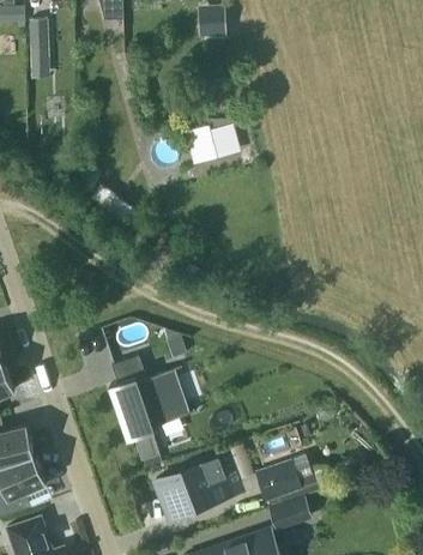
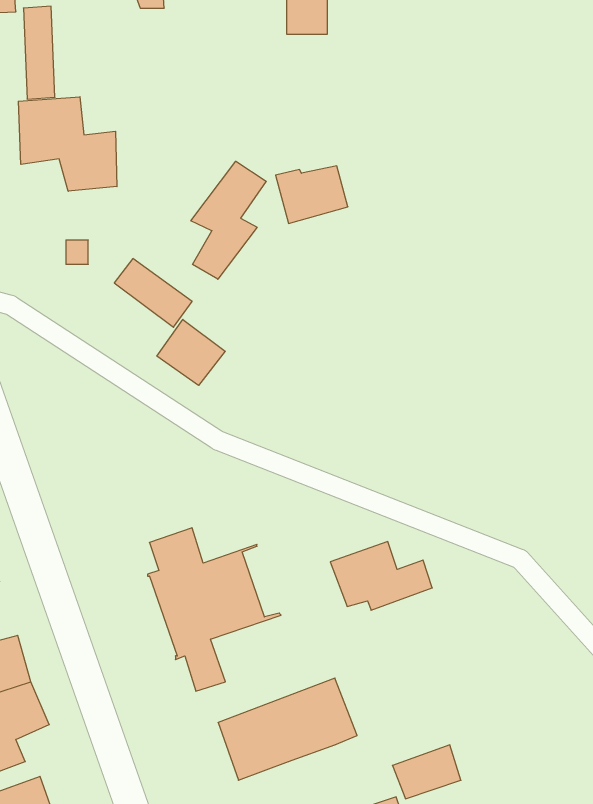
building: none -> [18,97,117,191]
building: none -> [191,161,266,279]
building: none -> [157,319,225,385]
building: [254,460,320,505] -> [330,542,432,610]

